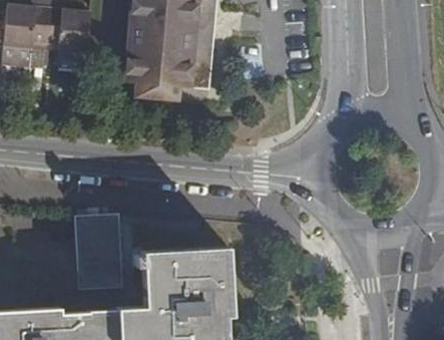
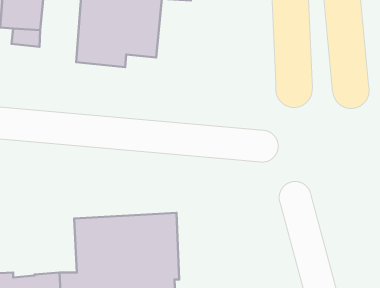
building: [76,215,124,293] -> none

